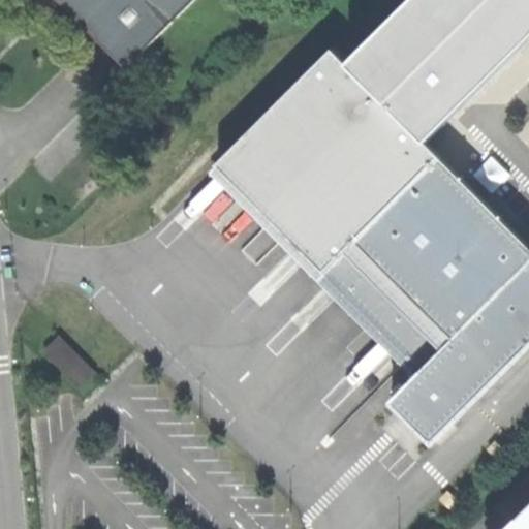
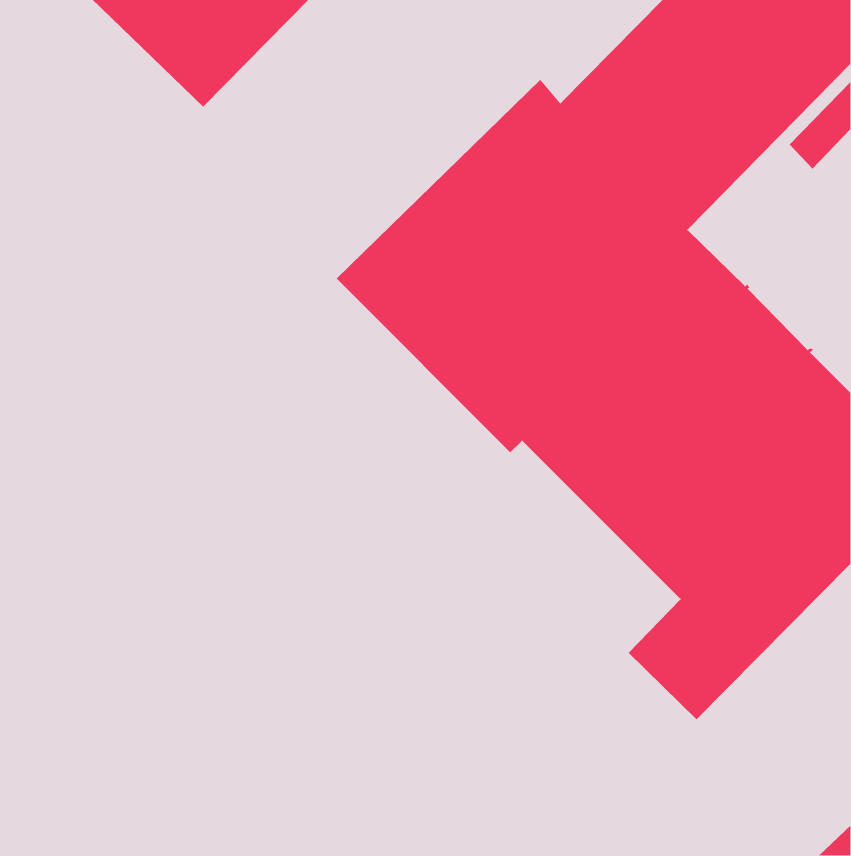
building: [42,334,93,384] -> none

